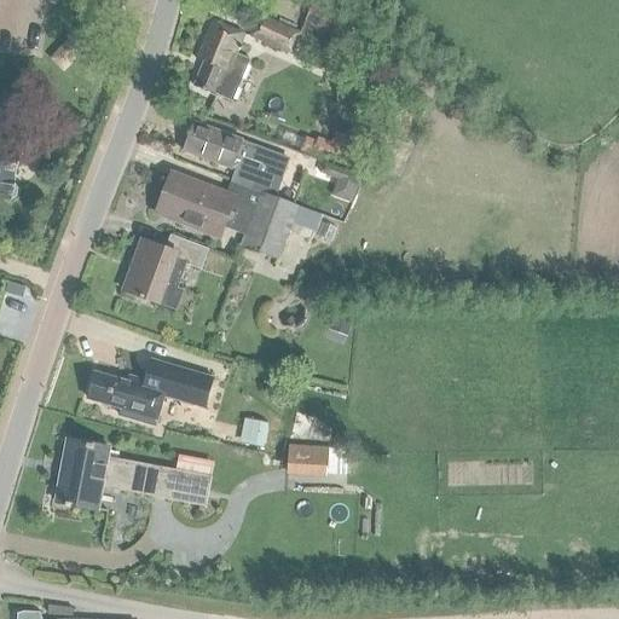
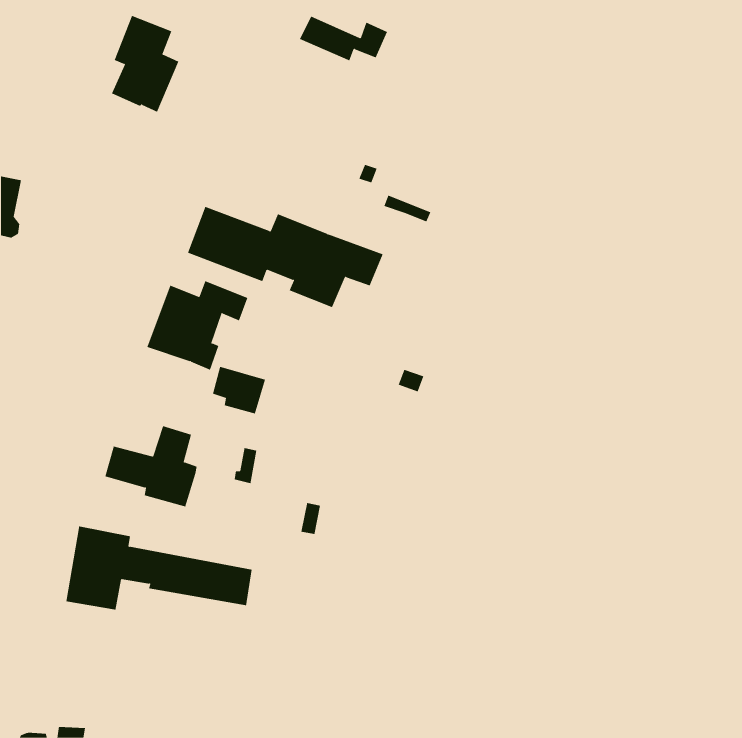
building: [192,18,249,99] -> [111,15,179,112]
building: [183,121,287,195] -> none
building: [154,361,198,401] -> [212,366,266,414]
building: [287,444,347,472] -> none

